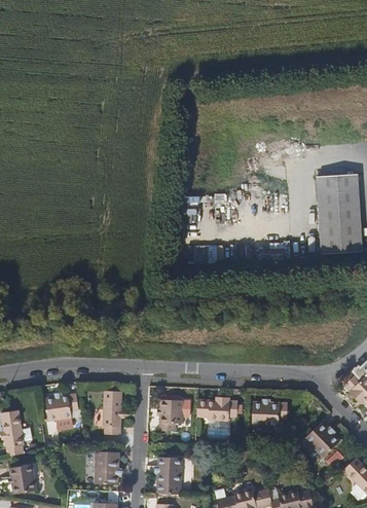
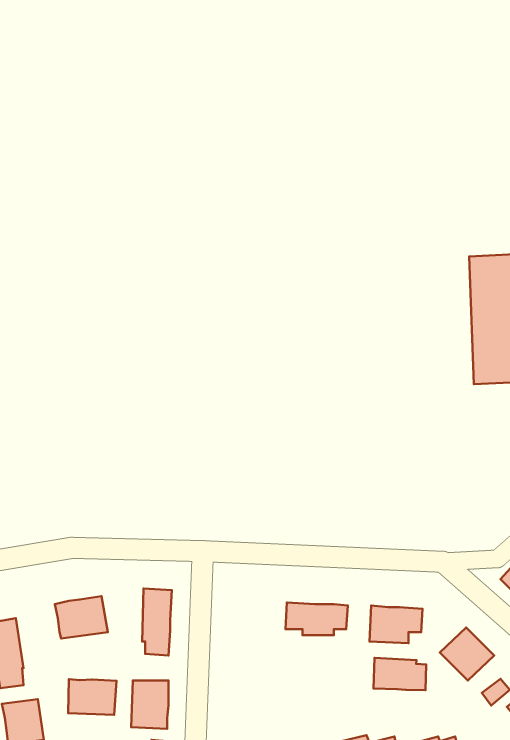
building: [159,399,183,431] -> none
building: none -> [373,658,426,690]
building: none -> [68,679,117,715]
building: [156,456,181,483] -> none

